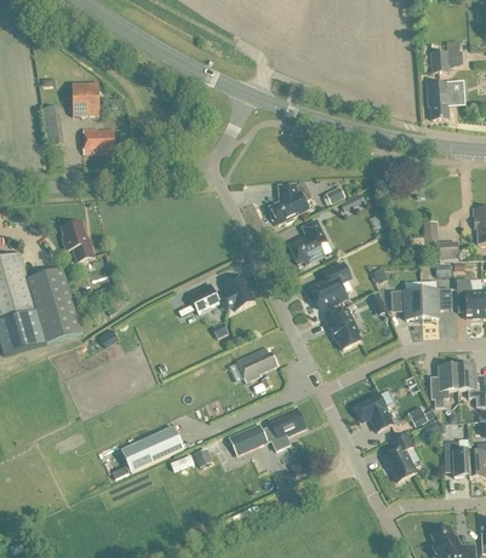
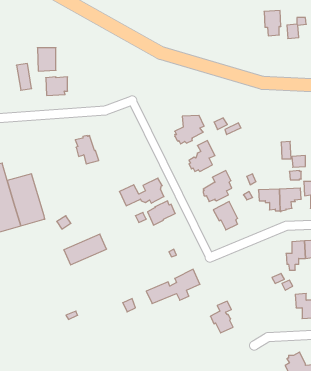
building: [425,81,450,117] -> [264,11,281,36]
building: [61,219,95,260] -> [75,136,99,164]
building: [238,345,278,380] -> [148,201,175,225]
building: [355,392,393,430] -> none
building: [121,425,183,470] -> [64,234,107,265]
building: [383,433,416,479] -> [210,301,233,333]

